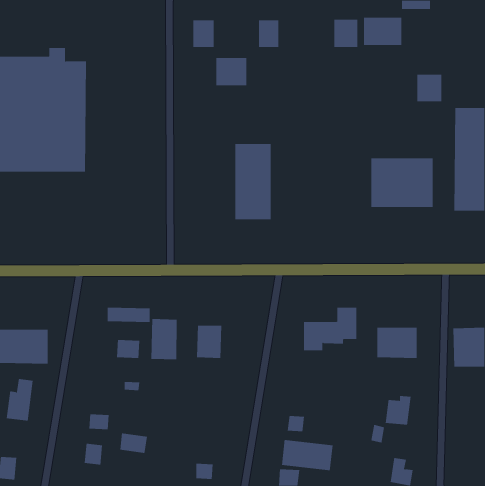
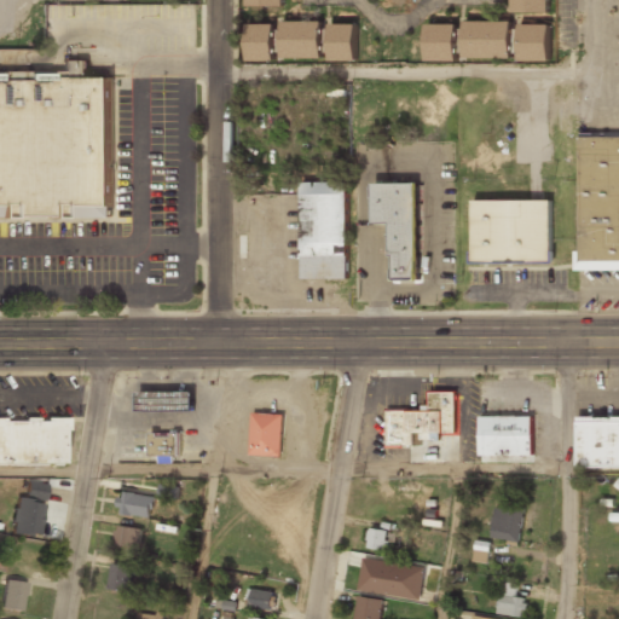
building: [216,57,247,86] -> [279,22,319,58]
building: [416,74,442,102] -> [515,25,548,60]
building: none -> [369,183,417,280]
building: [151,318,177,360] -> none
building: [119,433,148,454] -> [116,491,152,517]

